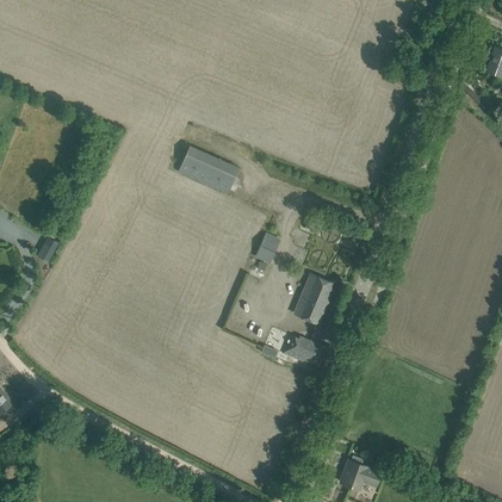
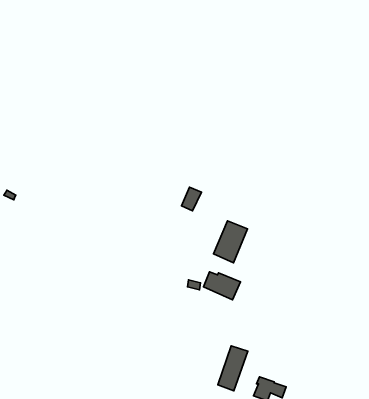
building: [179,145,242,193] -> none
building: none -> [218,346,248,391]

